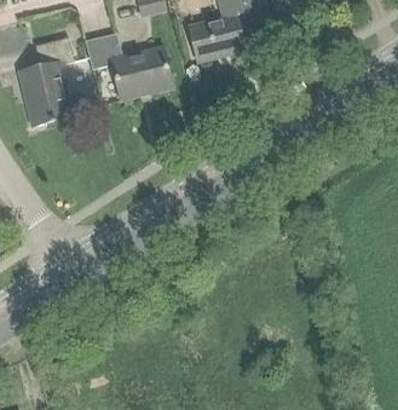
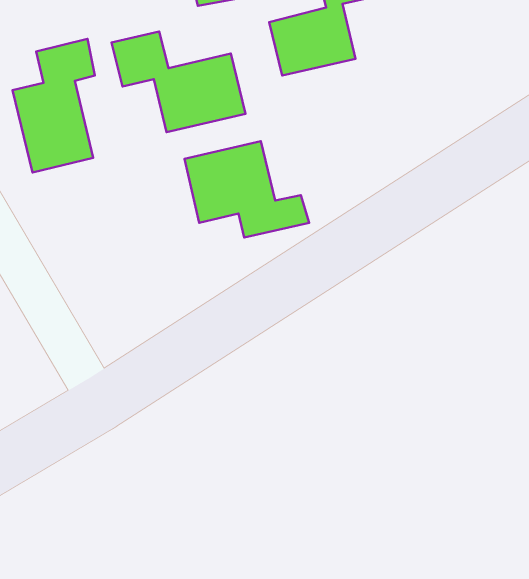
building: none -> [185,141,309,237]

